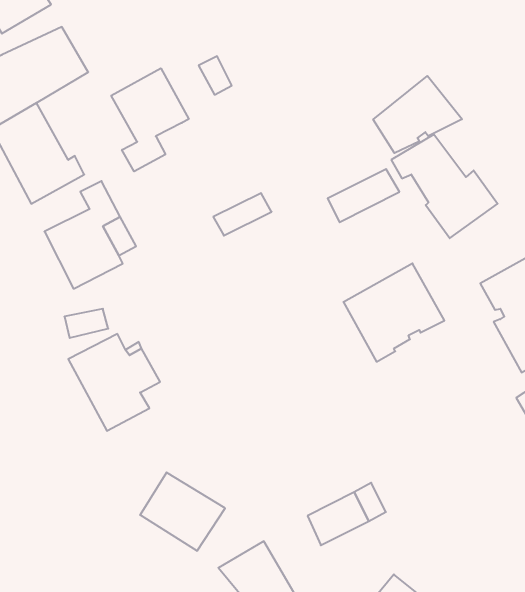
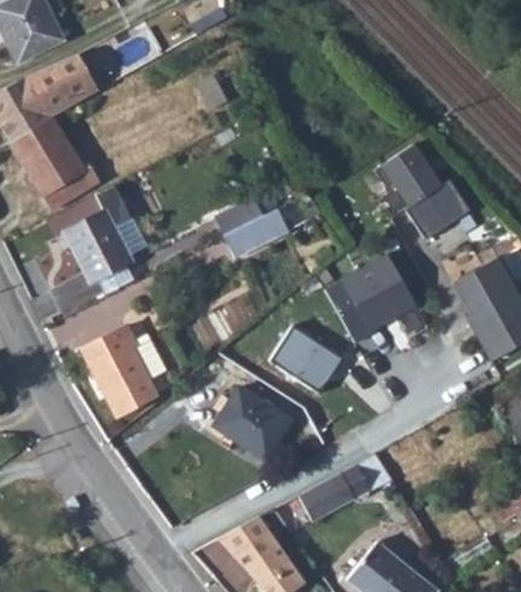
building: [111,68,189,171] -> none
building: [373,76,462,153] -> none
building: [328,169,399,222] -> [223,211,288,259]
building: none -> [270,328,342,394]
building: [140,472,225,551] -> [217,389,294,460]

